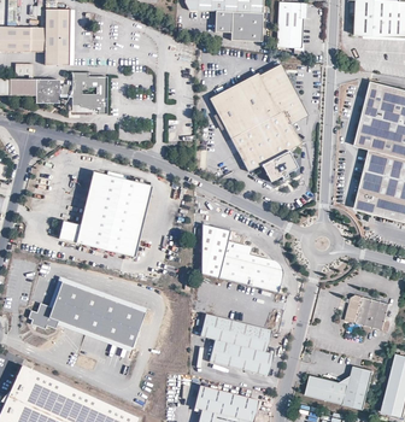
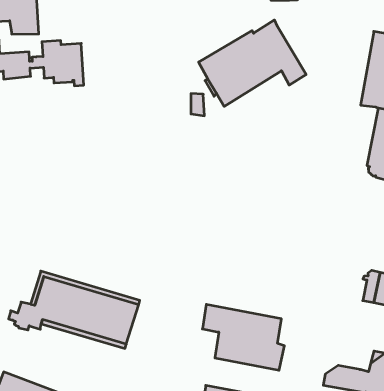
building: [230,110,300,182] -> none
building: [58,171,152,257] -> none
building: [200,225,280,293] -> none

